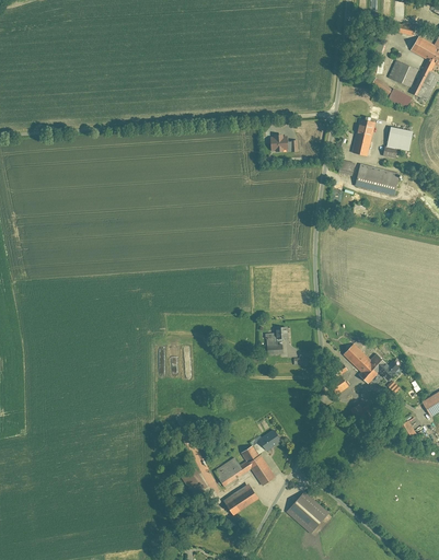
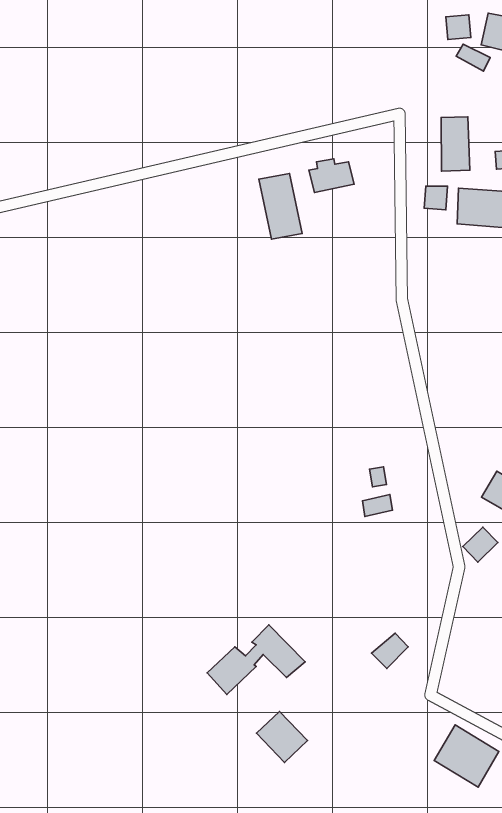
building: none -> [259,174,302,239]
building: [215,448,276,487] -> [207,625,305,695]
building: [226,482,261,515] -> none

